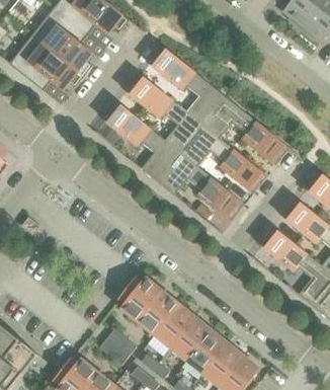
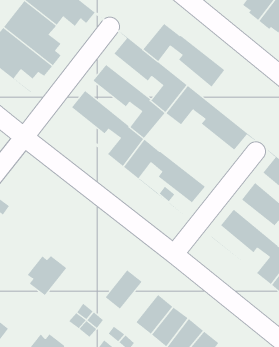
building: [181,127,268,194] -> [143,23,225,87]
building: [120,279,163,321] -> [27,256,67,296]
building: [156,305,195,347] -> none

